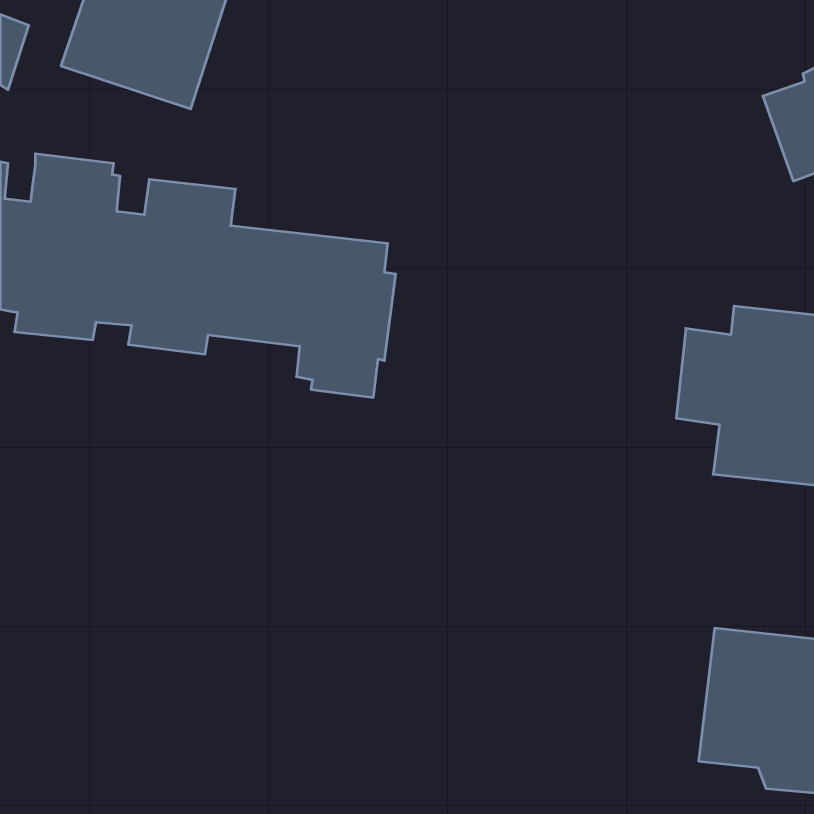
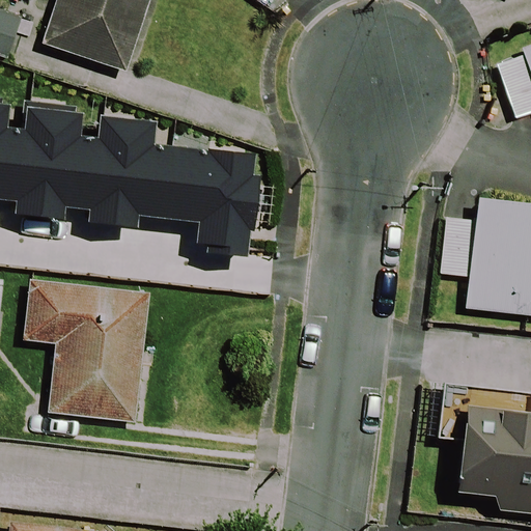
building: none -> [25,278,150,422]

